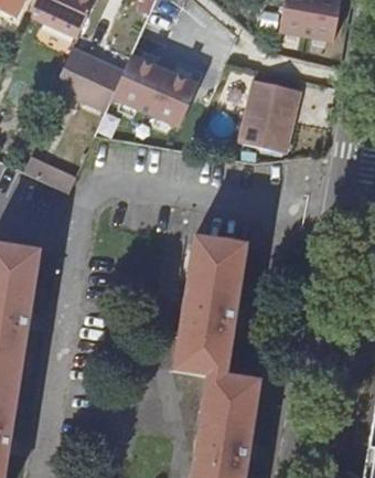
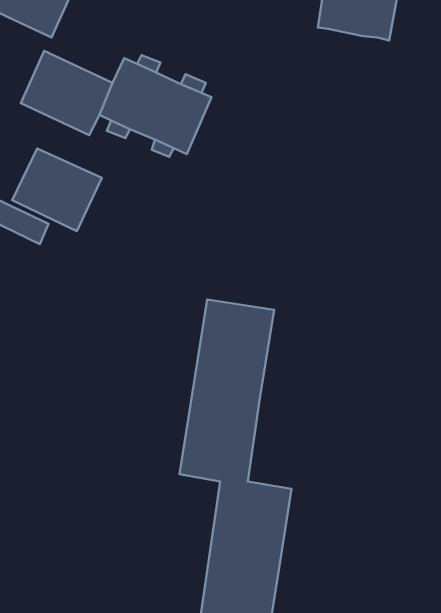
building: [240,78,301,151] -> none
building: none -> [12,148,102,231]

